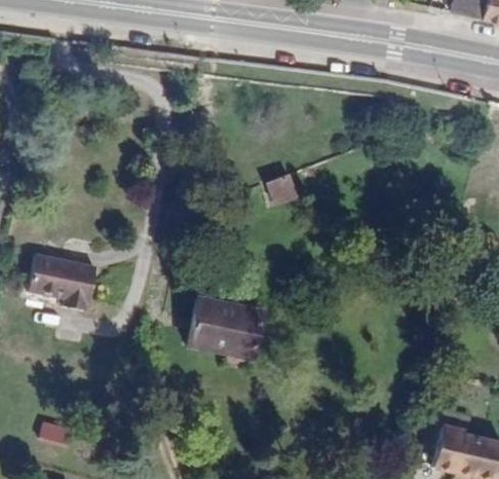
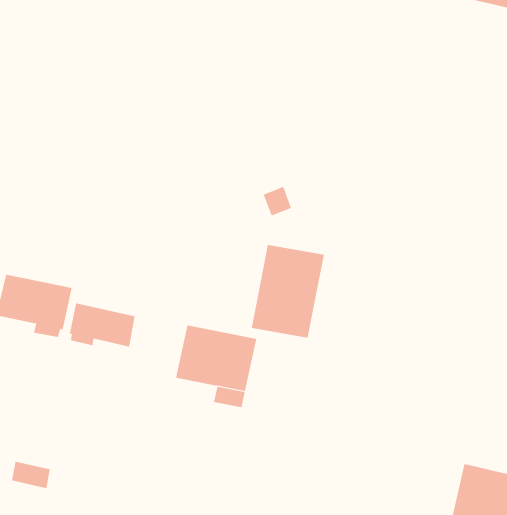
building: none -> [251,244,325,338]
building: none -> [69,302,135,347]

